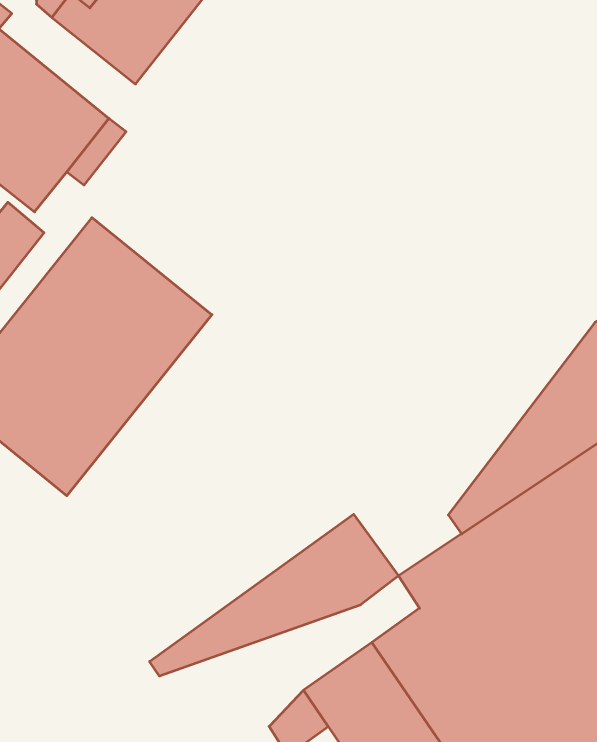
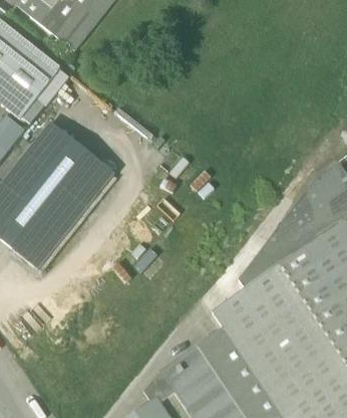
building: [150,514,399,676] -> none

